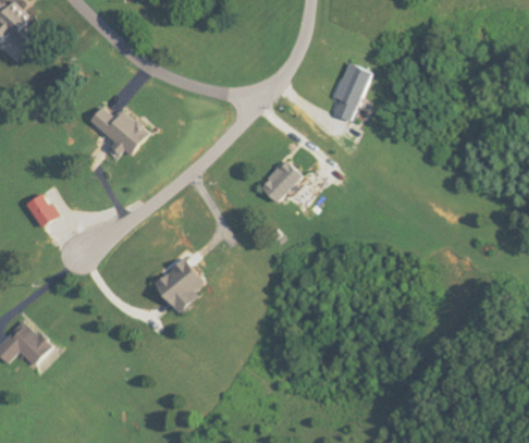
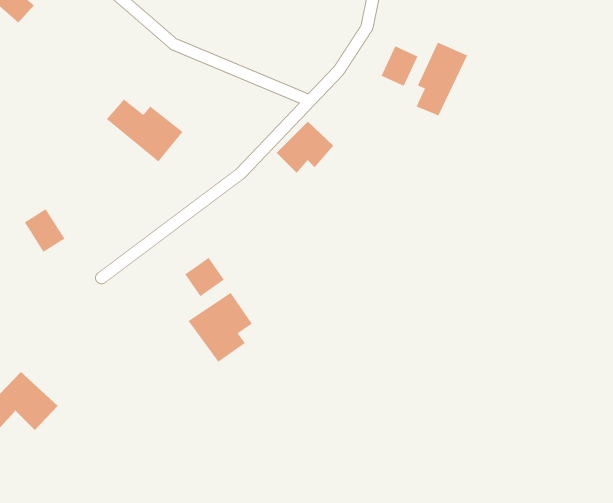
building: none -> [381,45,418,87]
building: [259,161,305,202] -> [276,121,334,174]
building: none -> [184,257,225,297]

